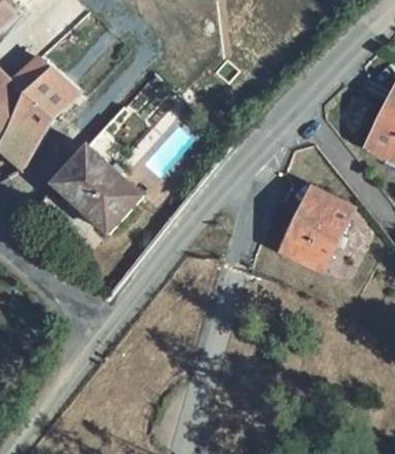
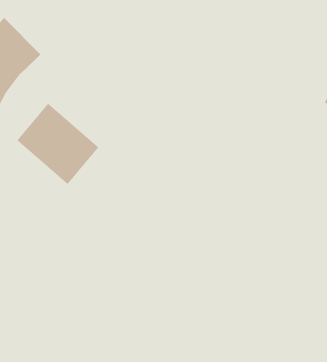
building: [291,186,359,265] -> none

